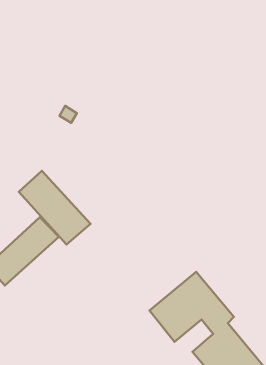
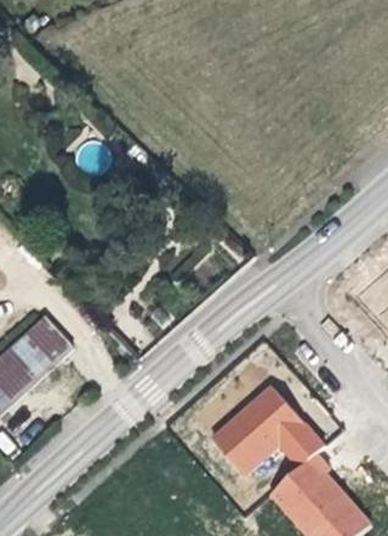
building: [19,171,90,245] -> none

